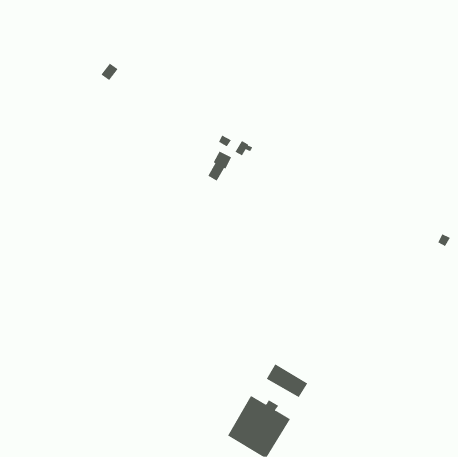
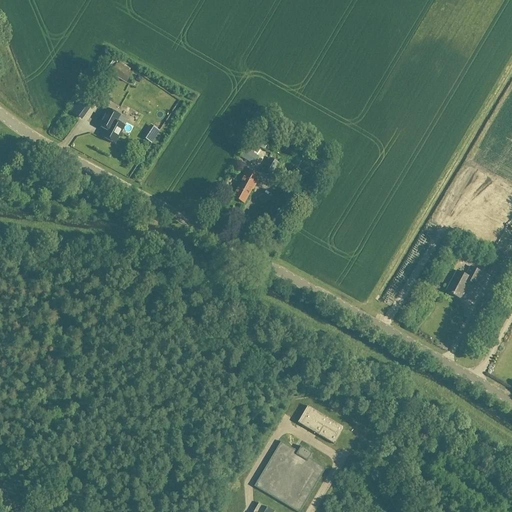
building: none -> [99,108,128,142]
building: none -> [446,265,483,297]

